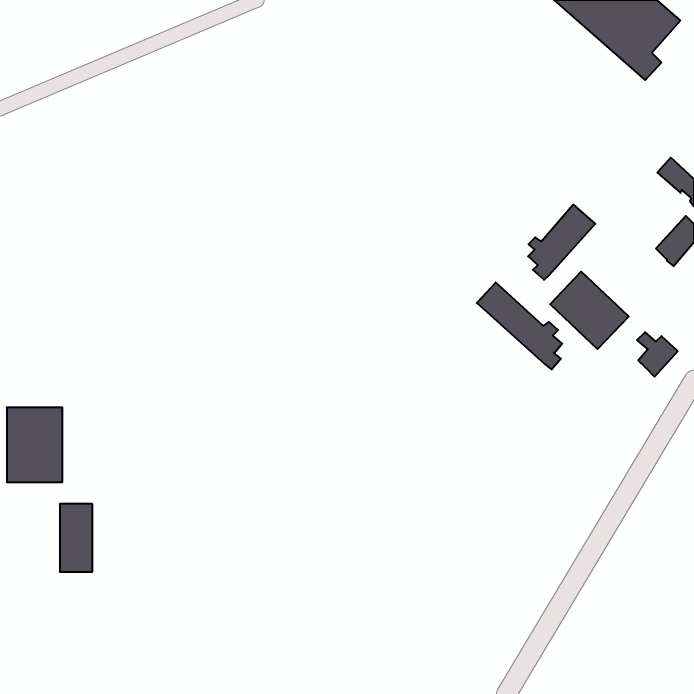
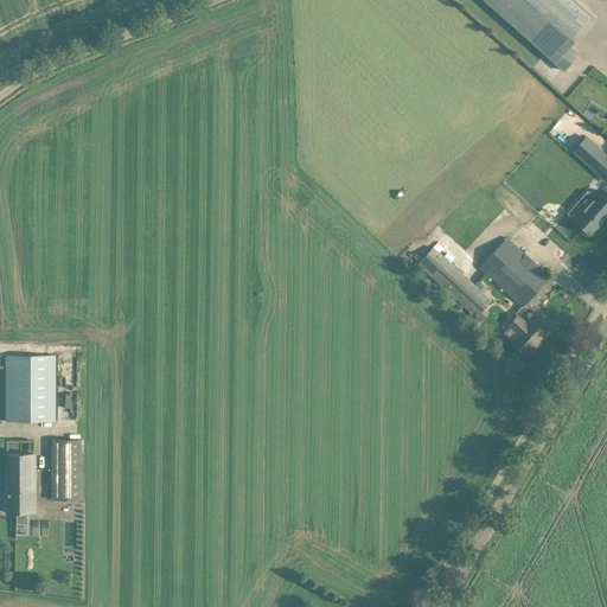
building: [528,205,595,280] -> none
building: [637,332,678,377] -> [510,317,545,356]
building: none -> [6,453,34,520]

